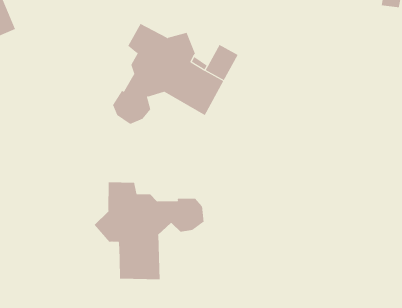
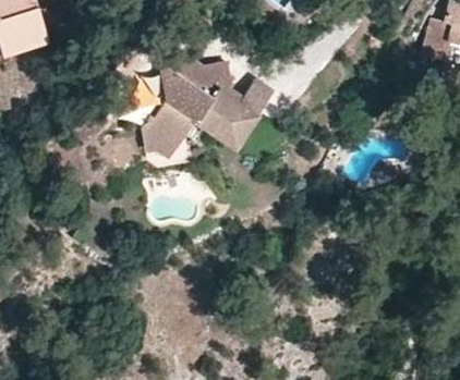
building: [94,182,204,280] -> none

